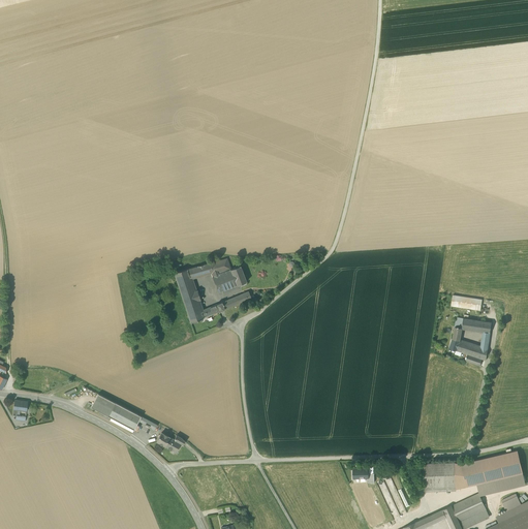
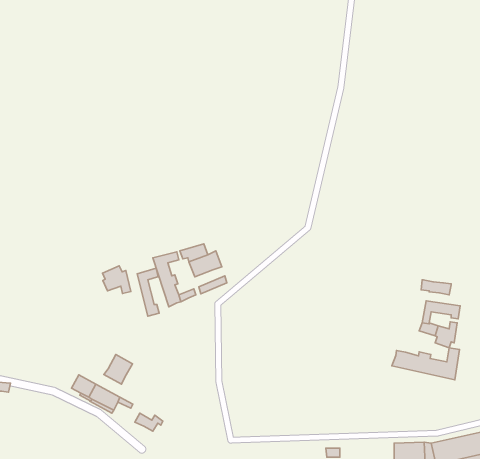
building: none -> [102,266,131,294]
building: none -> [137,268,159,316]
building: none -> [392,348,459,380]
building: none -> [104,355,132,384]

